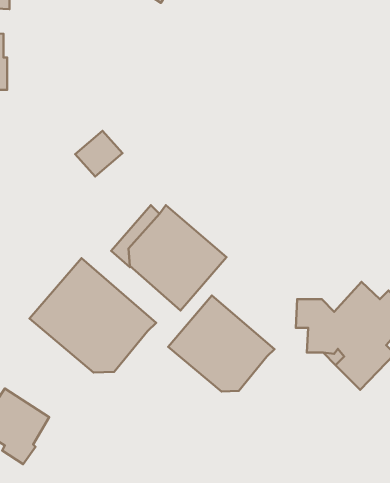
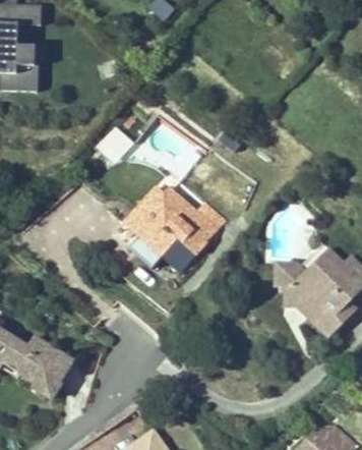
building: [30,258,156,372] -> none
building: [168,296,274,392] -> none

